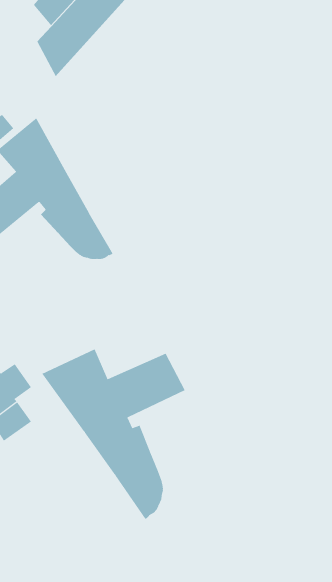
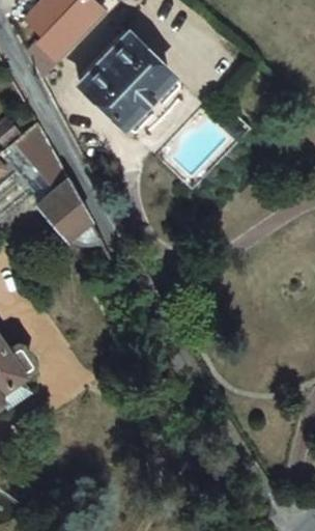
building: none -> [81,46,172,136]
building: [42,348,185,520] -> none

